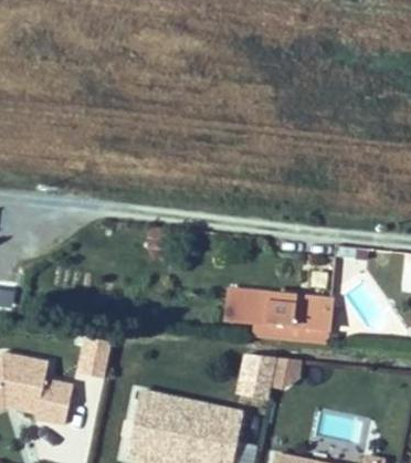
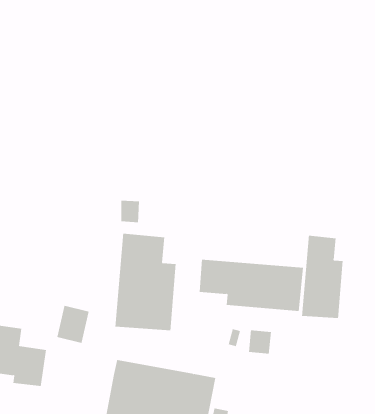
building: none -> [115,233,176,331]
building: none -> [302,235,343,319]

